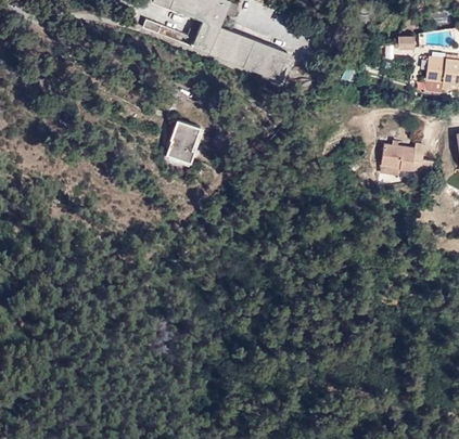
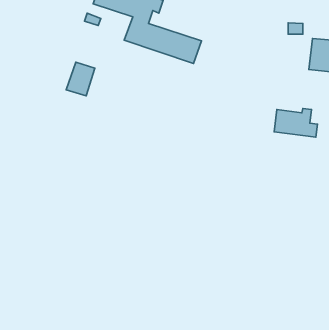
building: [166,125,202,167] -> [66,62,95,96]

